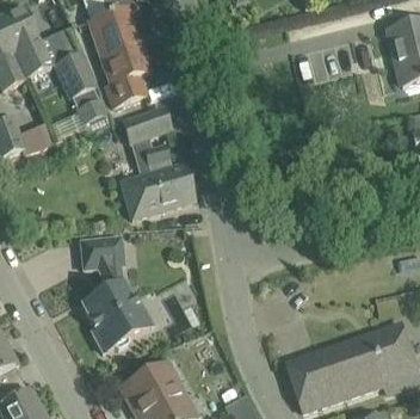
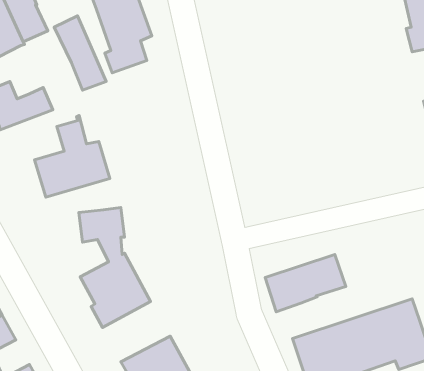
building: [123,106,171,141] -> none
building: [122,138,194,217] -> [35,115,110,197]
building: none -> [265,255,346,312]

